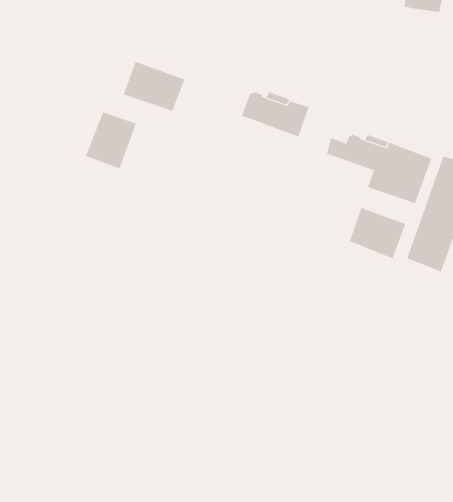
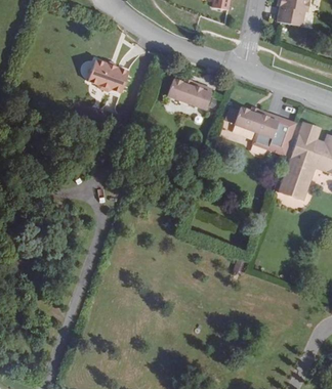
building: [85,112,136,169] -> none
building: [349,207,406,259] -> none

